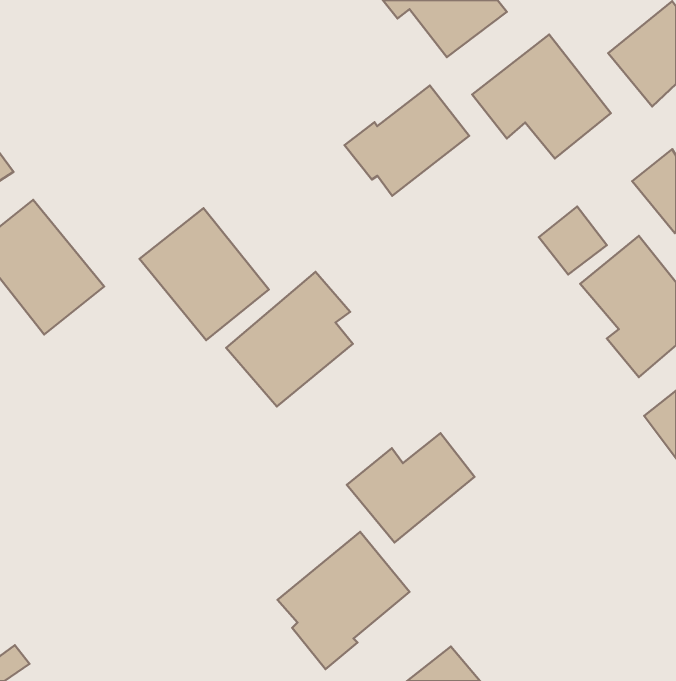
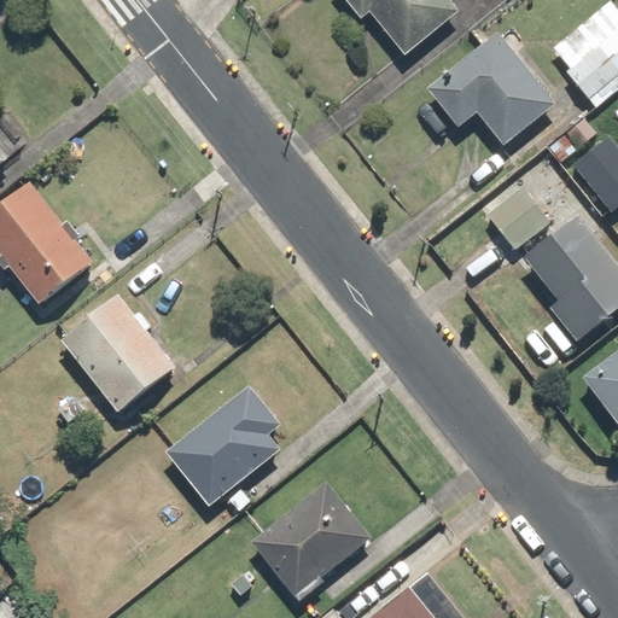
building: [344,85,469,196] -> none
building: [140,208,269,340] -> [58,292,175,412]
building: [226,272,353,407] -> [165,385,280,507]
building: [347,433,474,542] -> none

